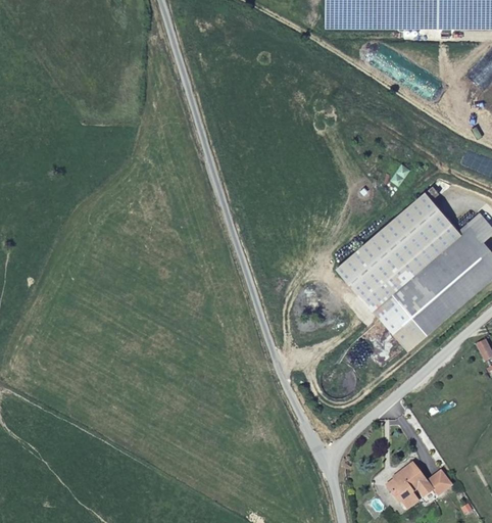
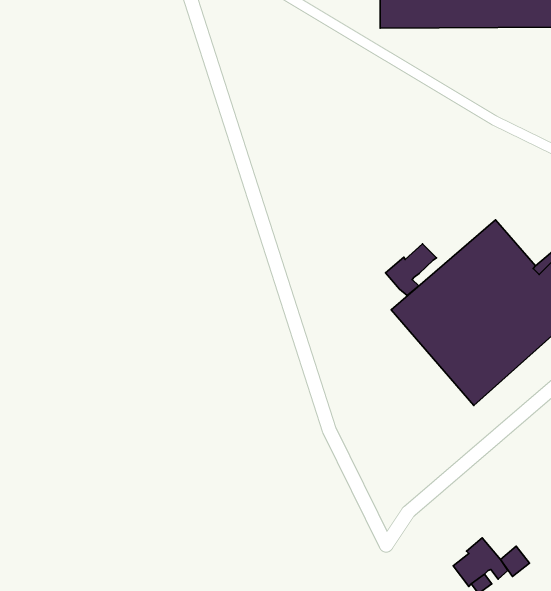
building: none -> [385,244,436,296]

